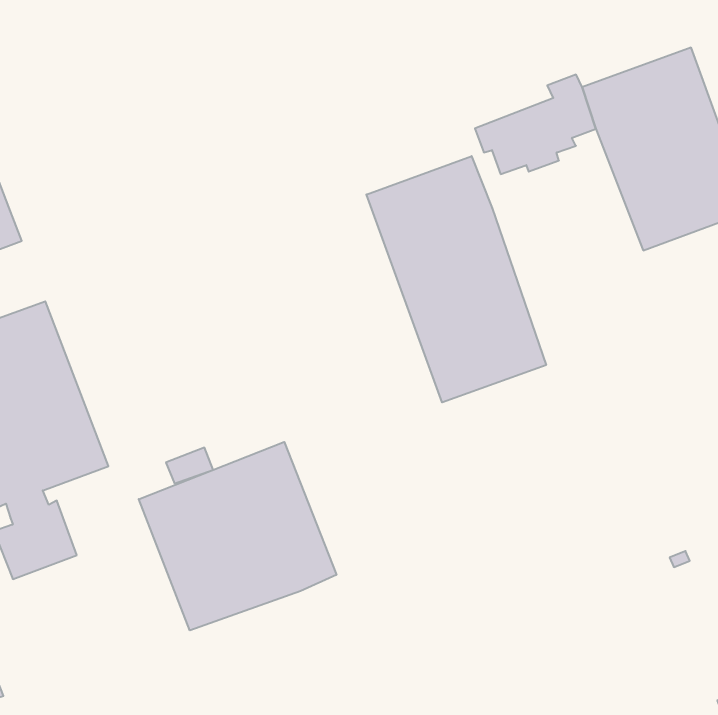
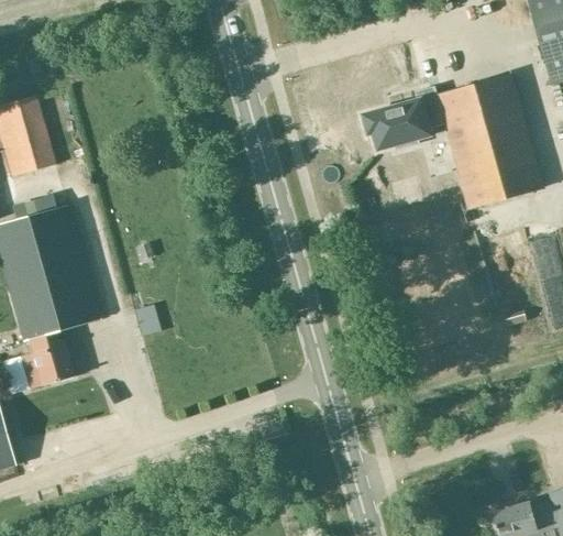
building: [366,156,546,402] -> none
building: [139,442,336,630] -> none

